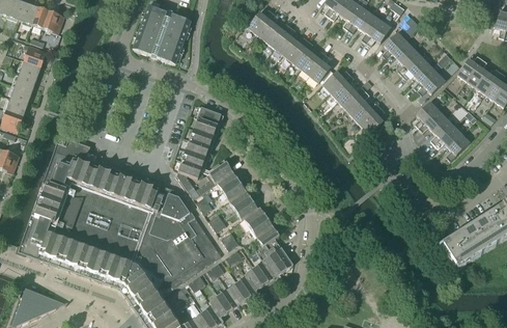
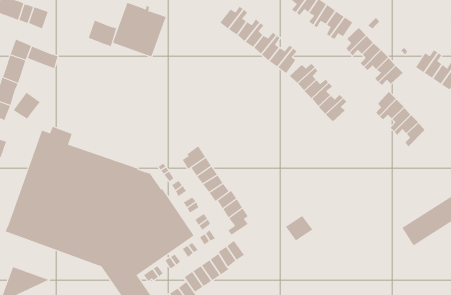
building: none -> [88,20,117,47]
building: none -> [27,46,58,69]
building: none -> [13,92,40,120]
building: [177,107,220,179] -> none
building: [262,248,292,276] -> [285,215,313,241]

